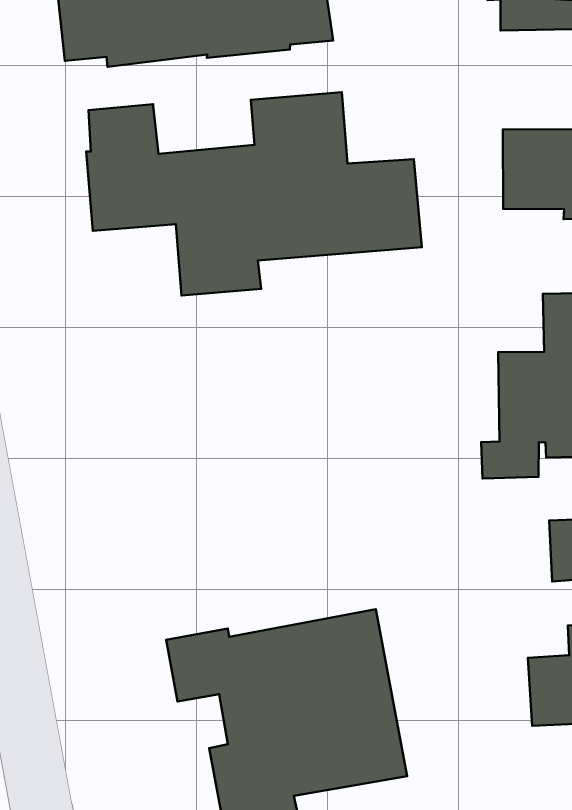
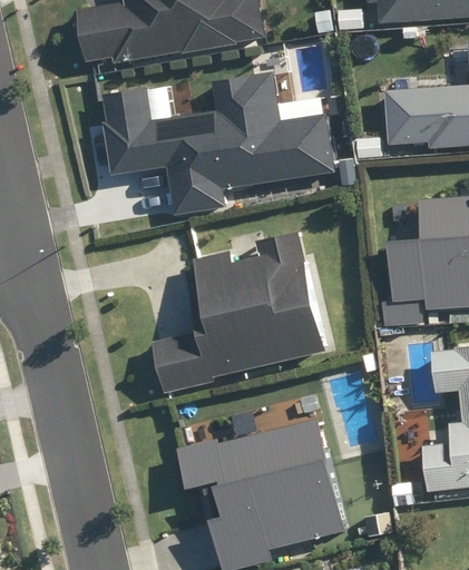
building: none -> [152,229,321,389]

